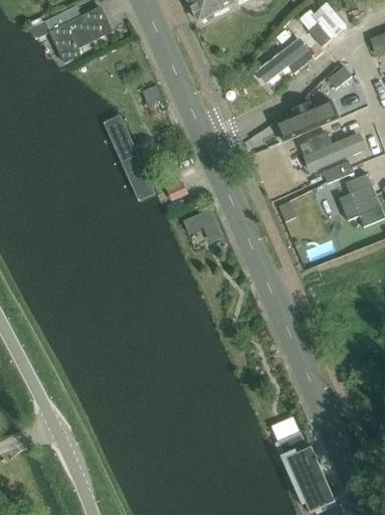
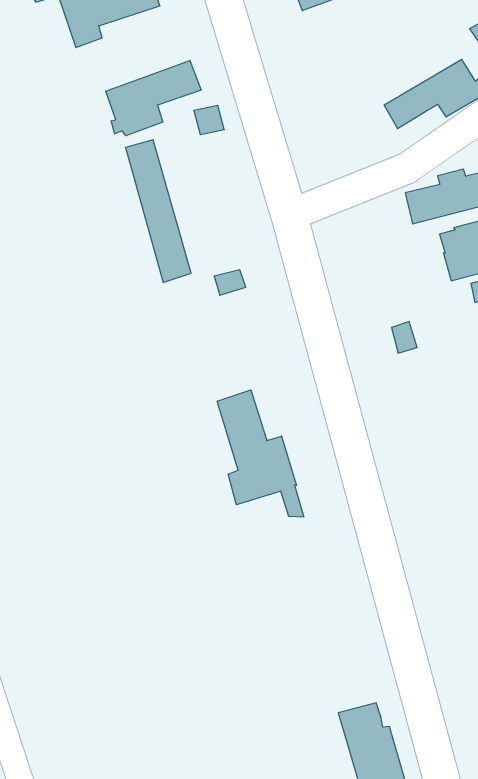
building: none -> [106,60,201,136]
building: [184,210,221,241] -> none
building: none -> [217,390,304,517]

